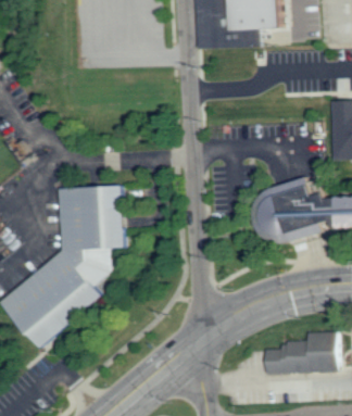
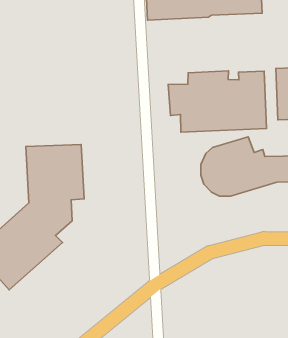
building: none -> [168,71,266,132]
building: [264,330,336,371] -> none

